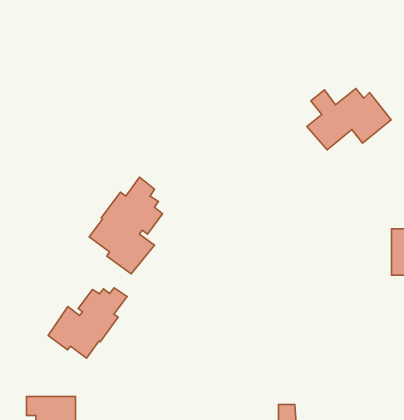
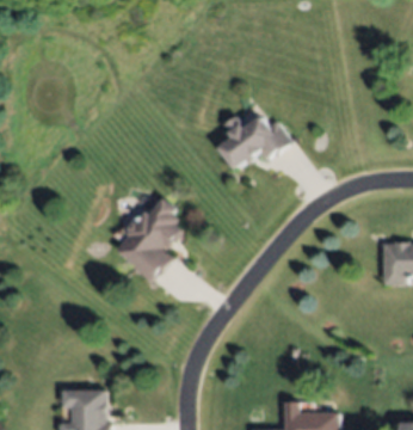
building: [307,88,391,150] -> [218,113,292,167]
building: [48,288,127,358] -> none

